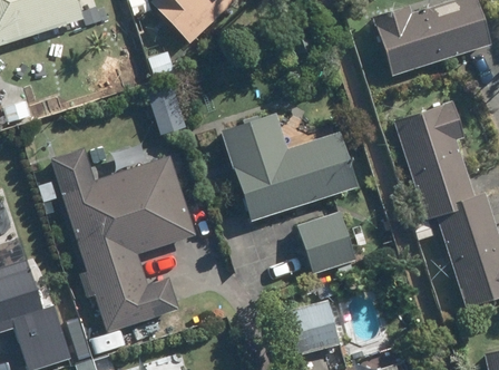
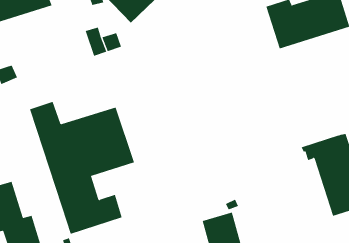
building: [395,103,477,212] -> none
building: [221,111,355,218] -> none
building: [296,212,353,278] -> none

